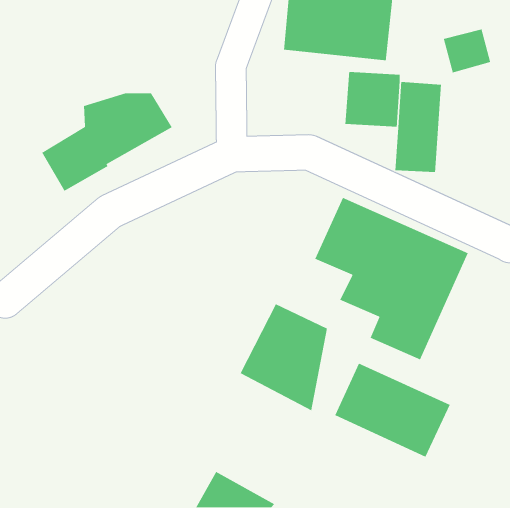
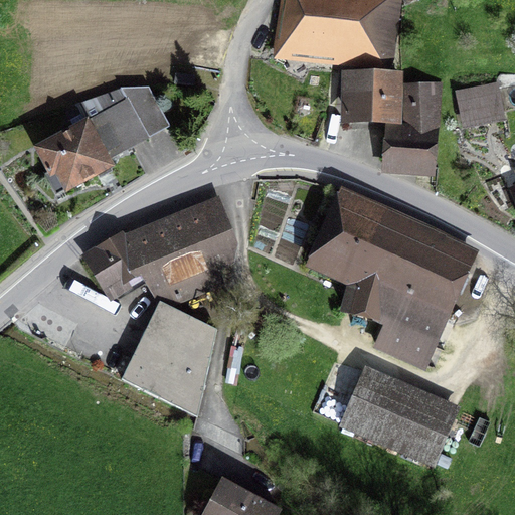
building: [443,28,491,74] -> [454,78,502,124]
building: none -> [88,204,230,297]
building: [239,303,328,412] -> [124,302,212,410]

